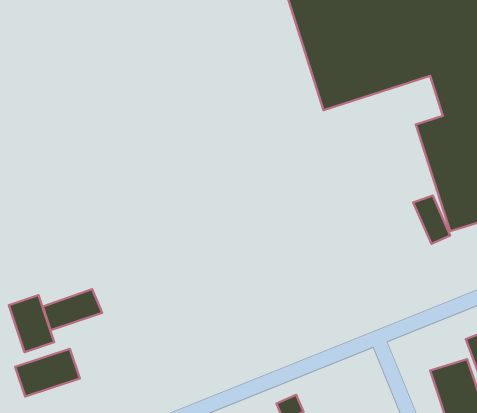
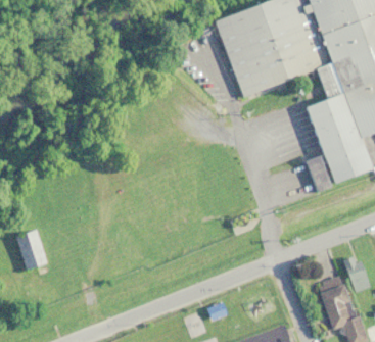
building: [43,289,102,330] -> none
building: [15,349,80,397] -> none

